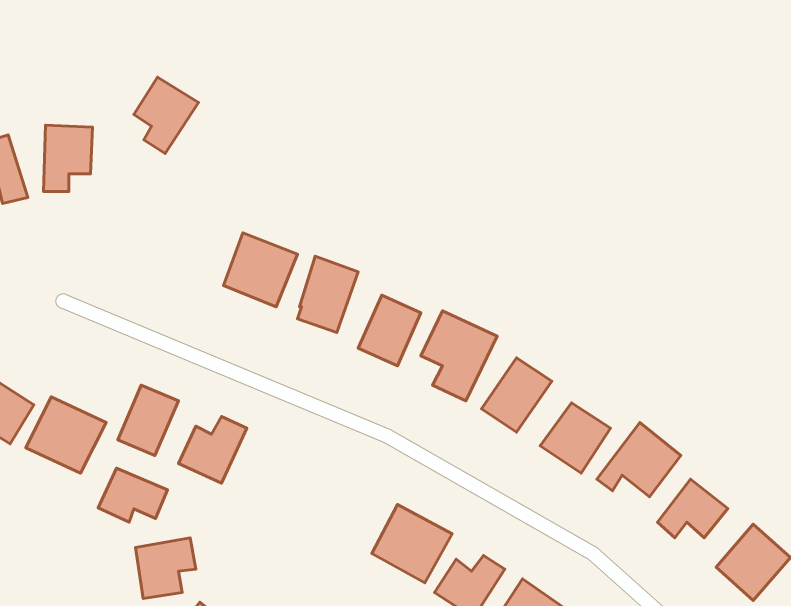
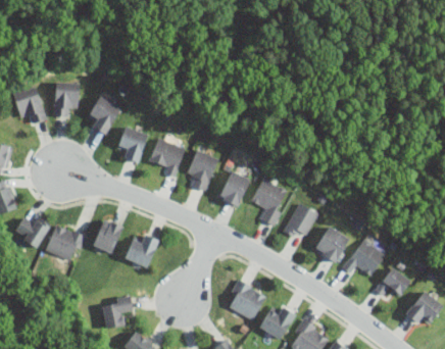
building: [134,77,198,153] -> [89,95,122,135]
building: none -> [118,126,148,162]
building: [98,468,168,522] -> none

